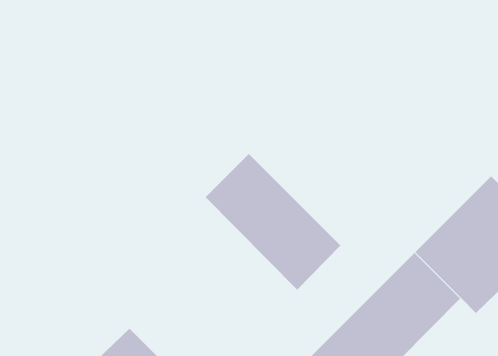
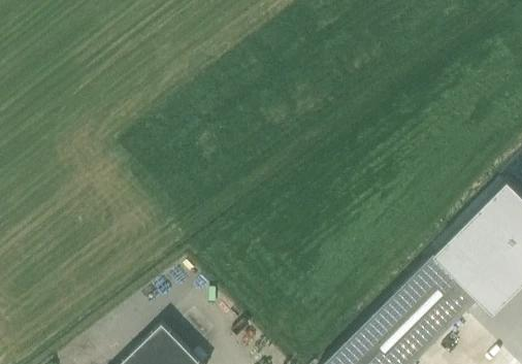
building: [205,153,341,290] -> none

